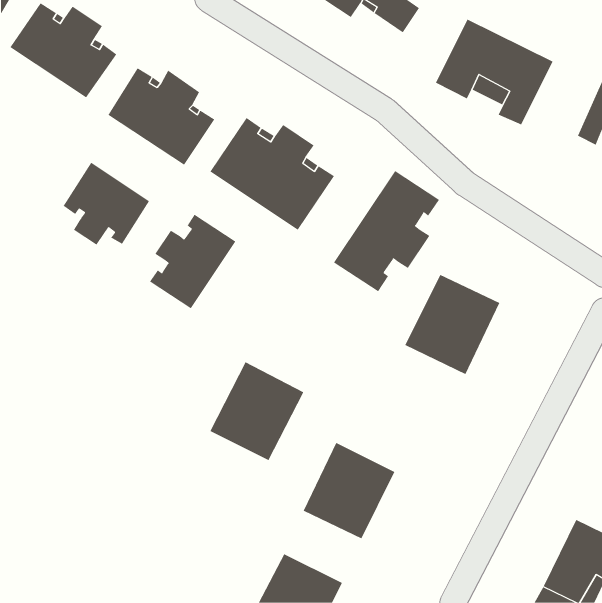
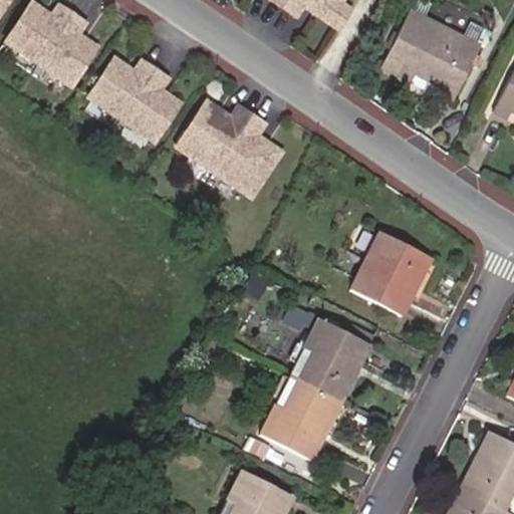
building: [63,162,150,246] -> none
building: [333,170,440,292] -> none
building: [149,214,236,309] -> none
building: [210,361,304,461] -> [287,316,367,401]

